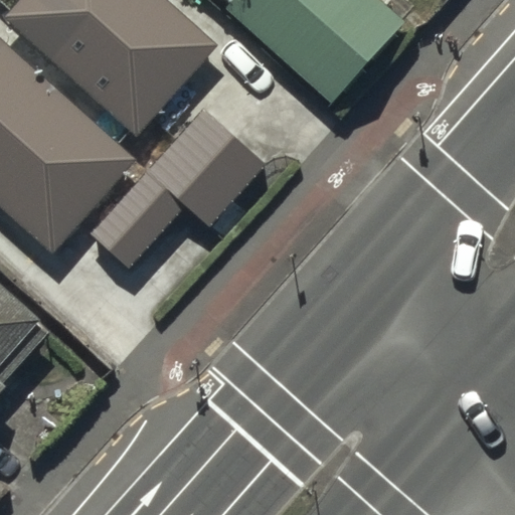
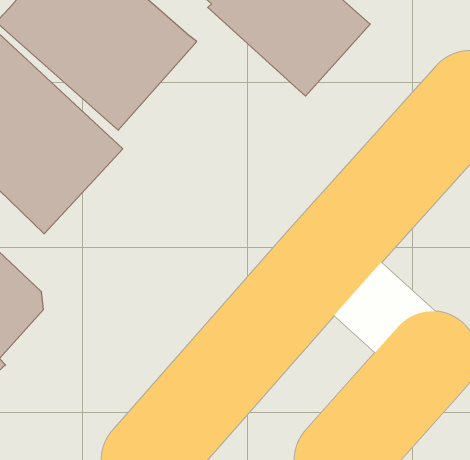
building: [92,107,266,265] -> none

